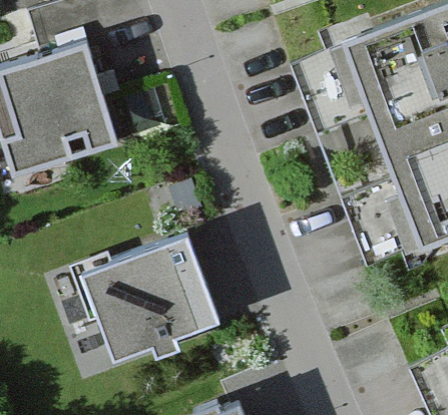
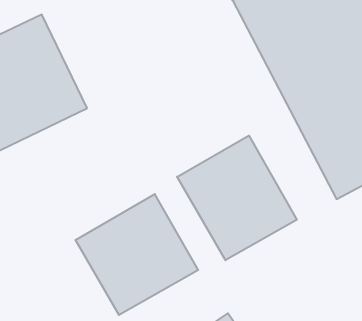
building: none -> [177,136,297,260]

